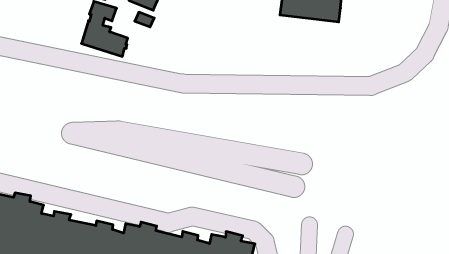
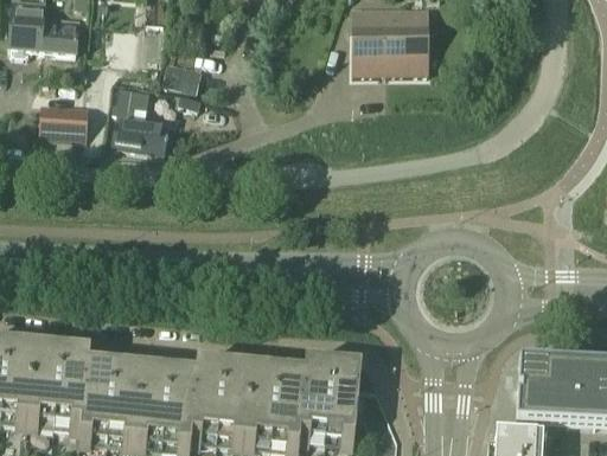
building: none -> [40,104,88,135]

